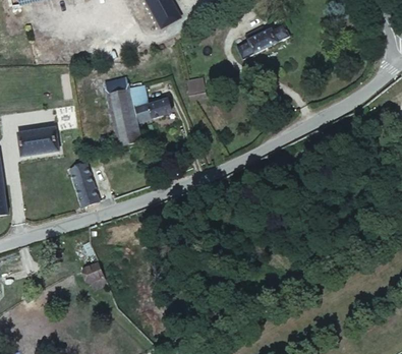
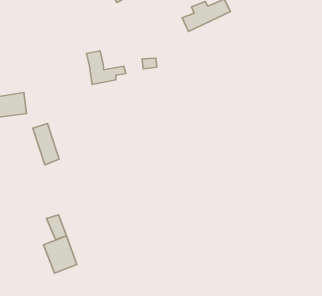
building: [105,77,137,143] -> none
building: none -> [43,236,77,273]

